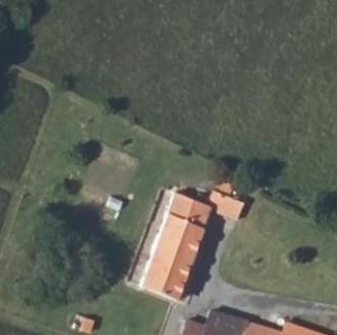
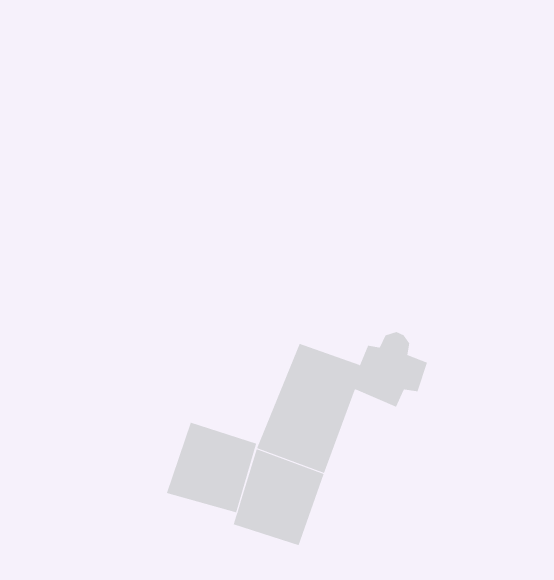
building: none -> [166,422,257,513]

